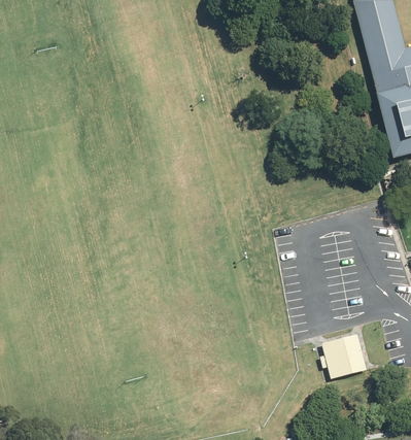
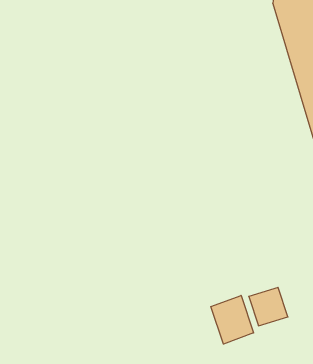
building: none -> [211,295,254,344]

